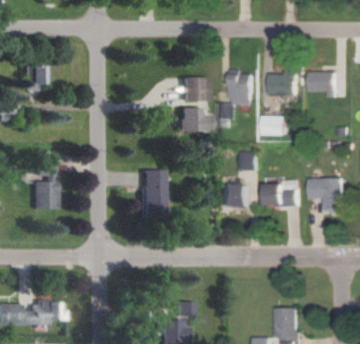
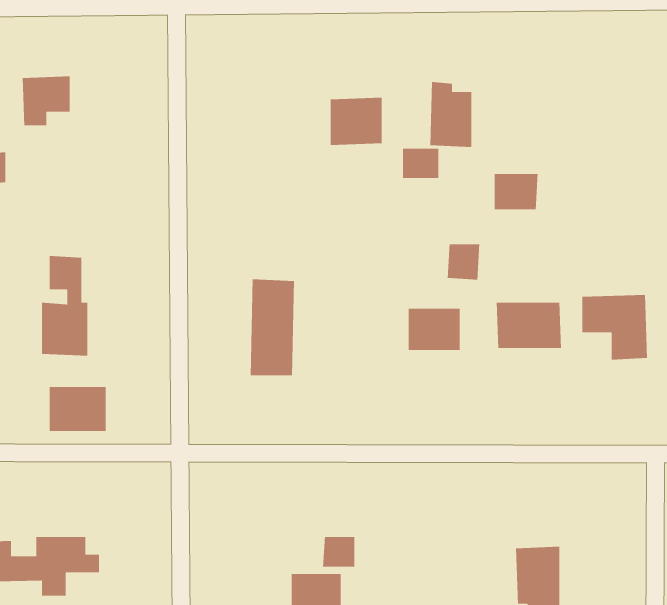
building: [313,71,340,96] -> none
building: [273,72,301,95] -> none
building: [179,107,209,131] -> none
building: none -> [49,386,106,432]

